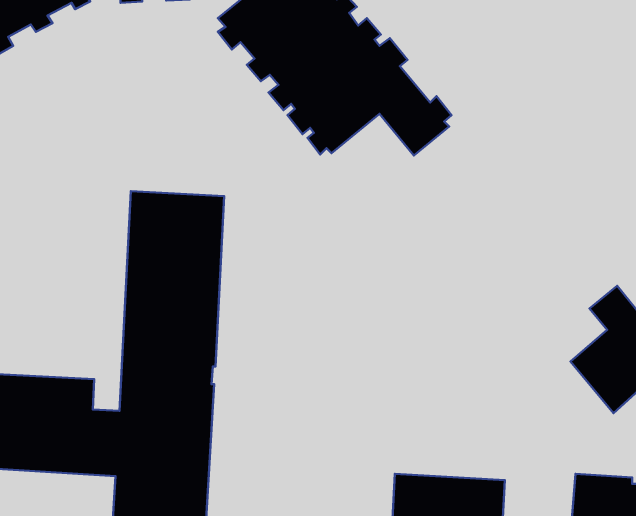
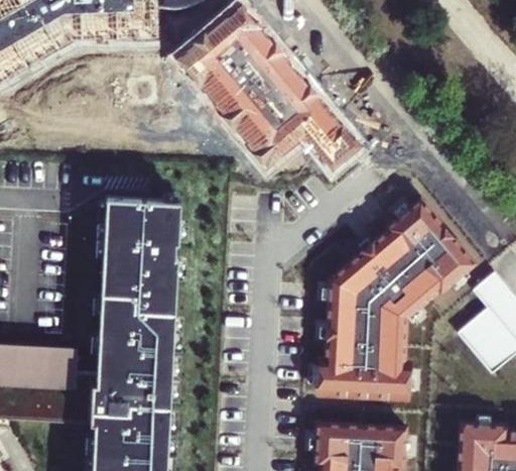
building: none -> [318,200,474,397]

